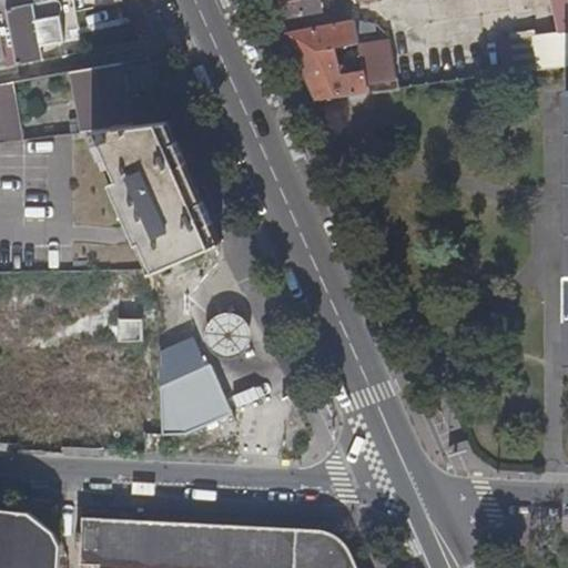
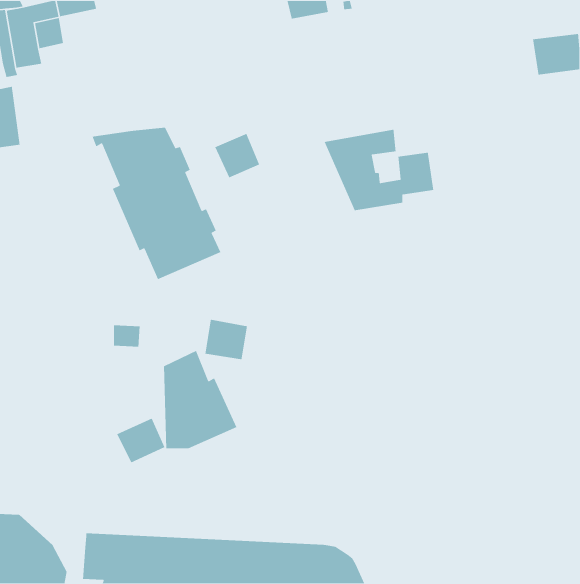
building: [287,22,395,102] -> [323,129,434,211]
building: [73,64,129,133] -> none
building: none -> [214,133,260,179]
building: none -> [116,417,166,464]

